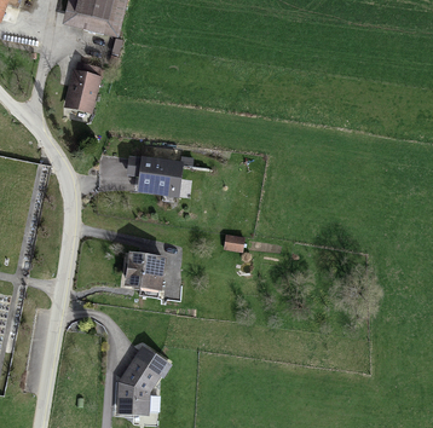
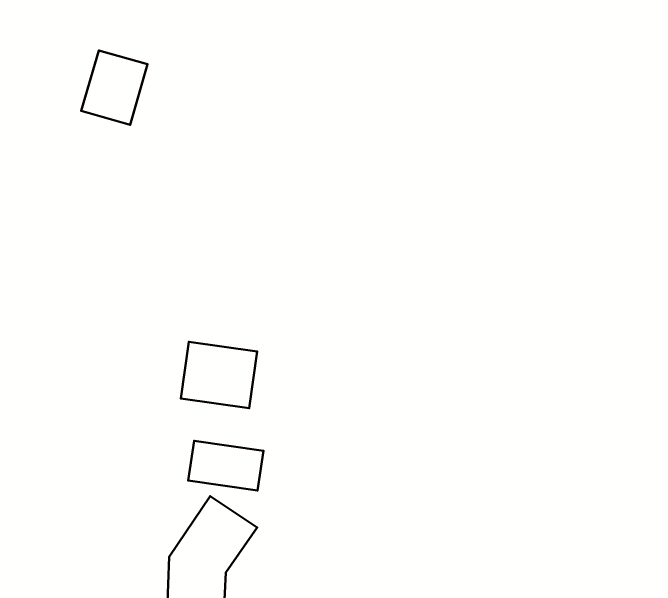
building: [138,157,189,197] -> none
building: none -> [188,441,264,490]

